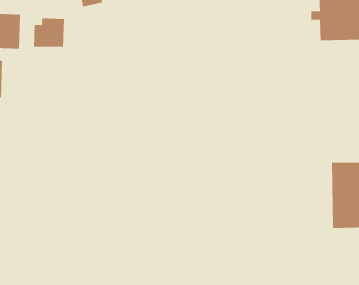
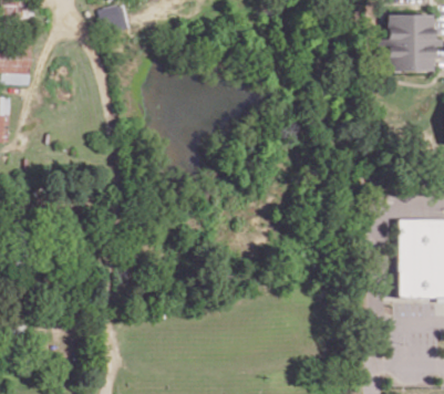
building: [34,18,65,47] -> none

